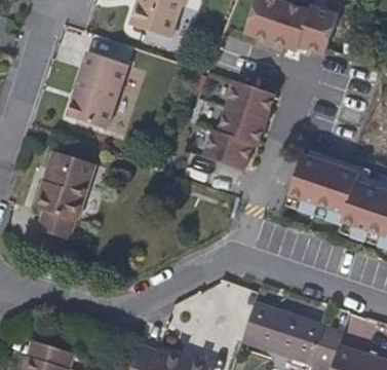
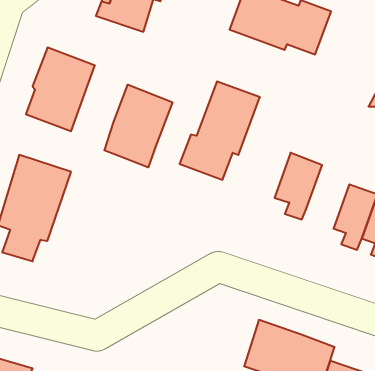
building: none -> [104,85,172,167]
building: [318,159,359,219] -> none
building: [241,293,275,342] -> none

